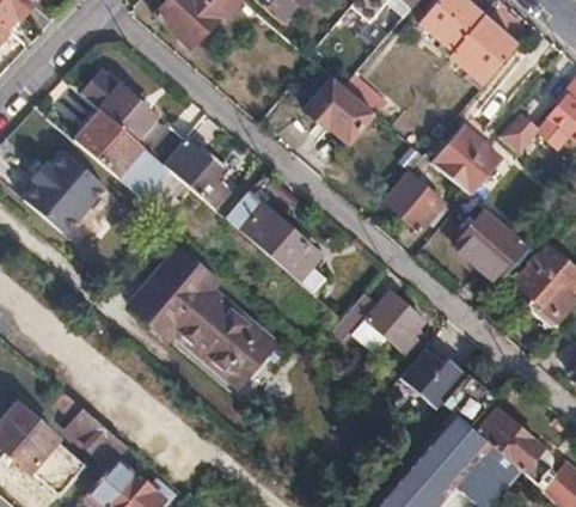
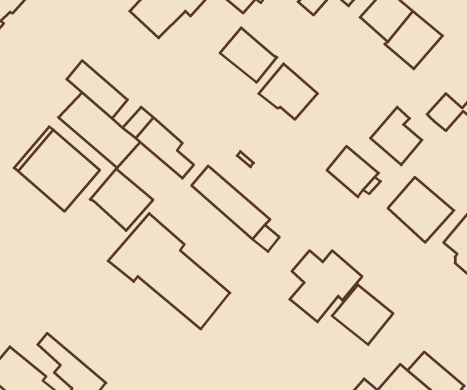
building: none -> [220,28,277,82]
building: none -> [90,169,153,231]

